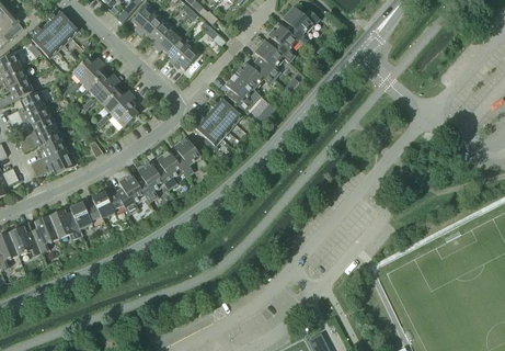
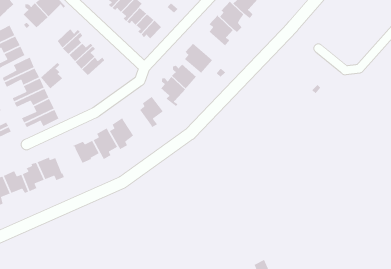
building: [236,60,274,89] -> none
building: [110,94,137,127] -> [40,62,63,90]
building: [153,149,184,190] -> none
building: [69,199,104,229] -> none

